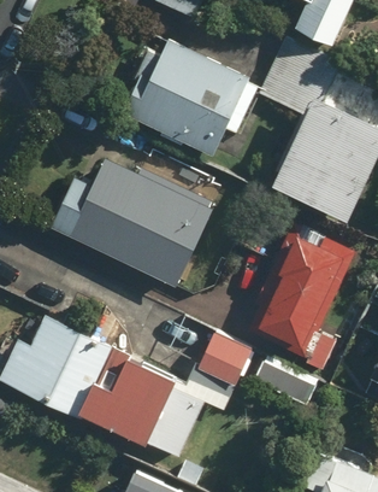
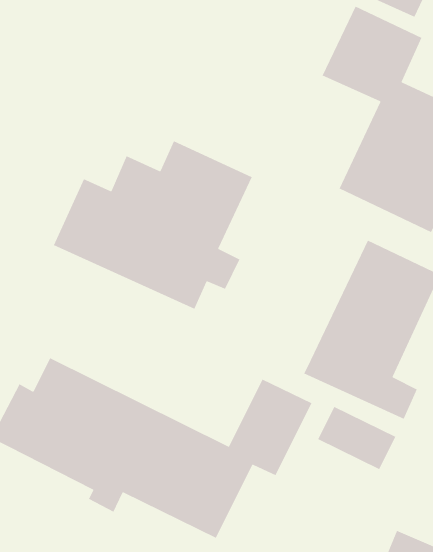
building: [119,39,259,154] -> none

